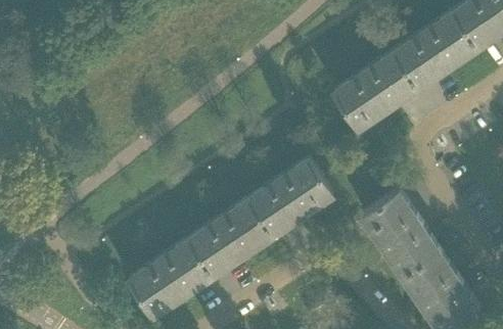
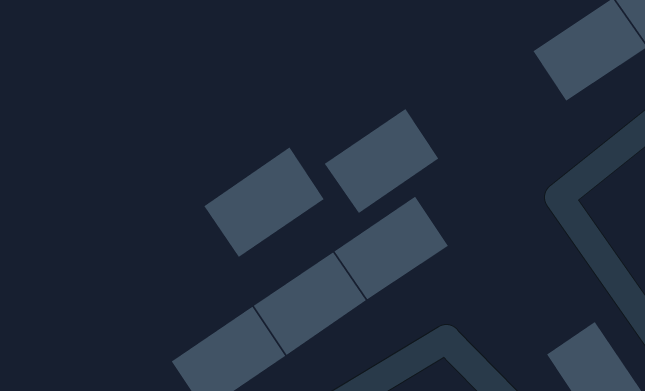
building: [332,52,417,130] -> [324,108,439,214]
building: none -> [203,146,325,258]
building: [362,190,439,275] -> none

